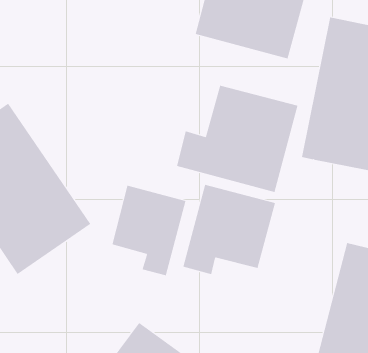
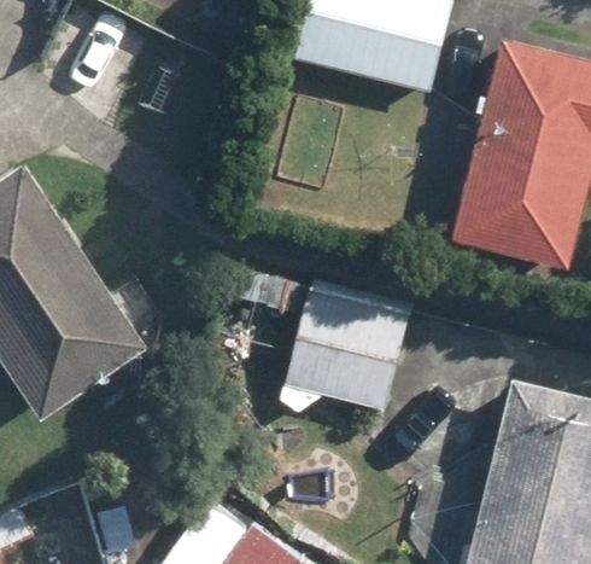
building: [176,85,298,193] -> none
building: [112,185,186,276] -> none

